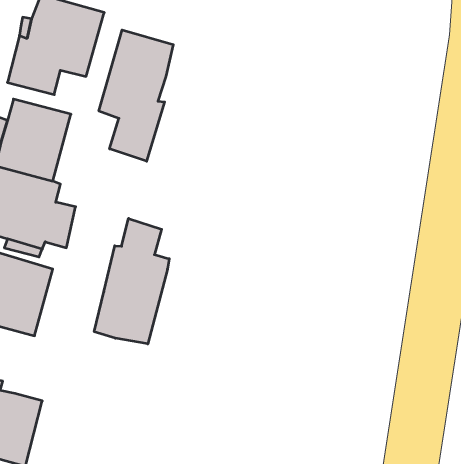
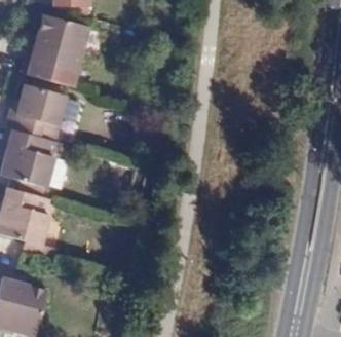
building: [99,30,173,161] -> none
building: [94,218,169,344] -> none

